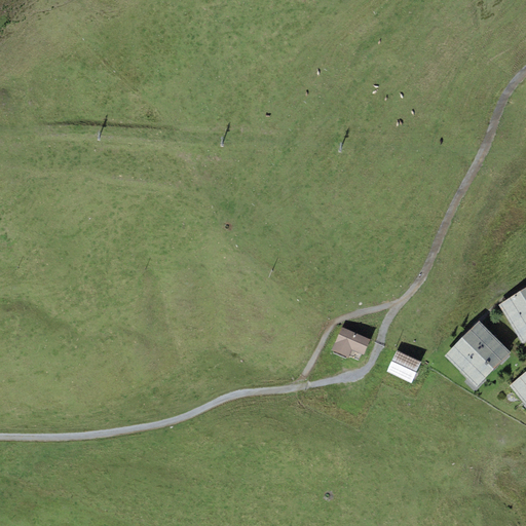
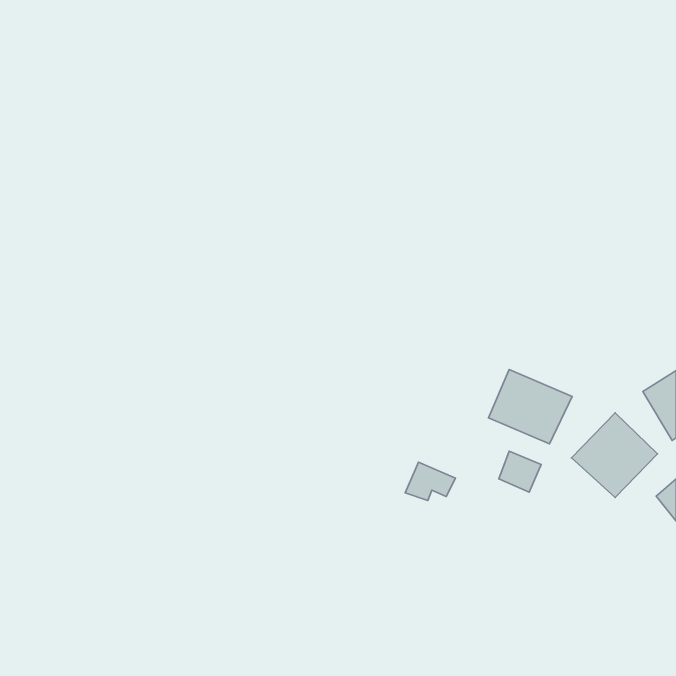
building: none -> [489,370,572,444]
building: [332,327,371,356] -> [405,462,456,501]

